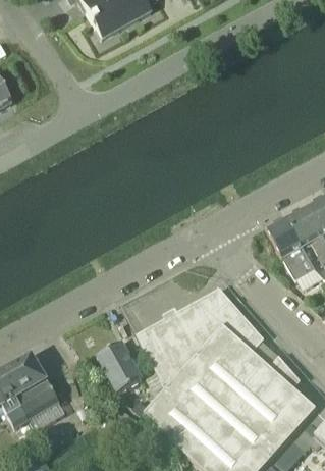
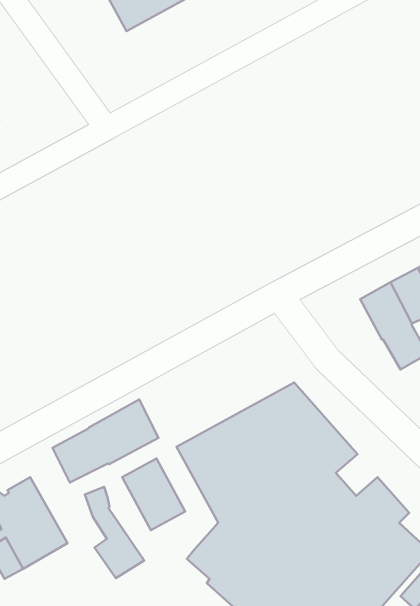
building: none -> [52,399,159,483]
building: none -> [85,487,144,578]

